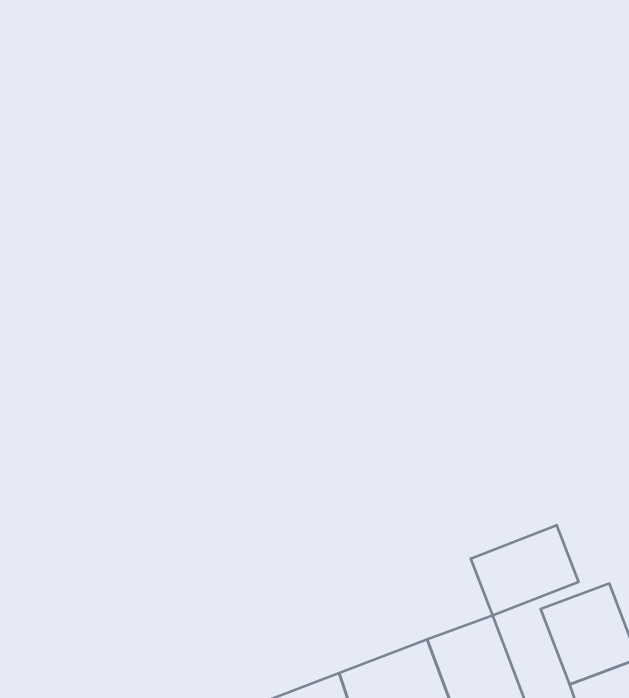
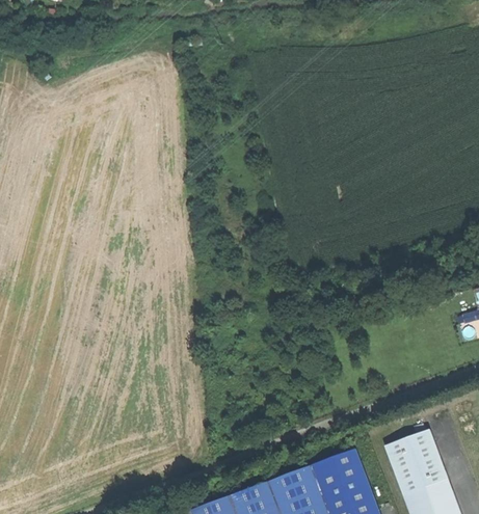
building: [471,525,578,616] -> none

